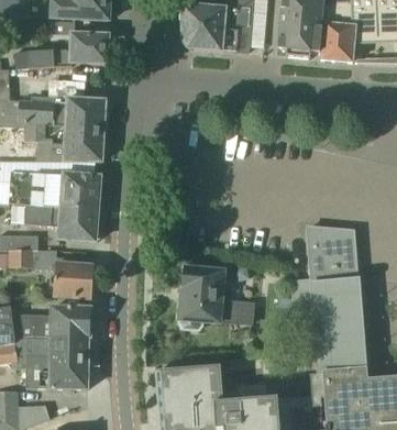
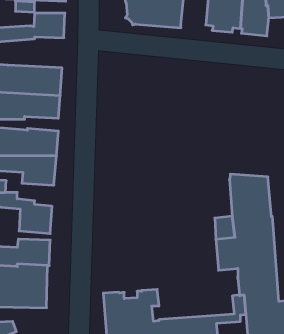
building: [178,266,253,330] -> none

